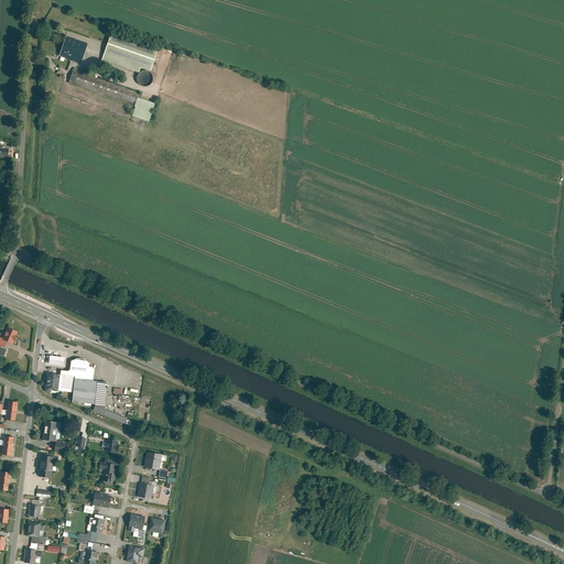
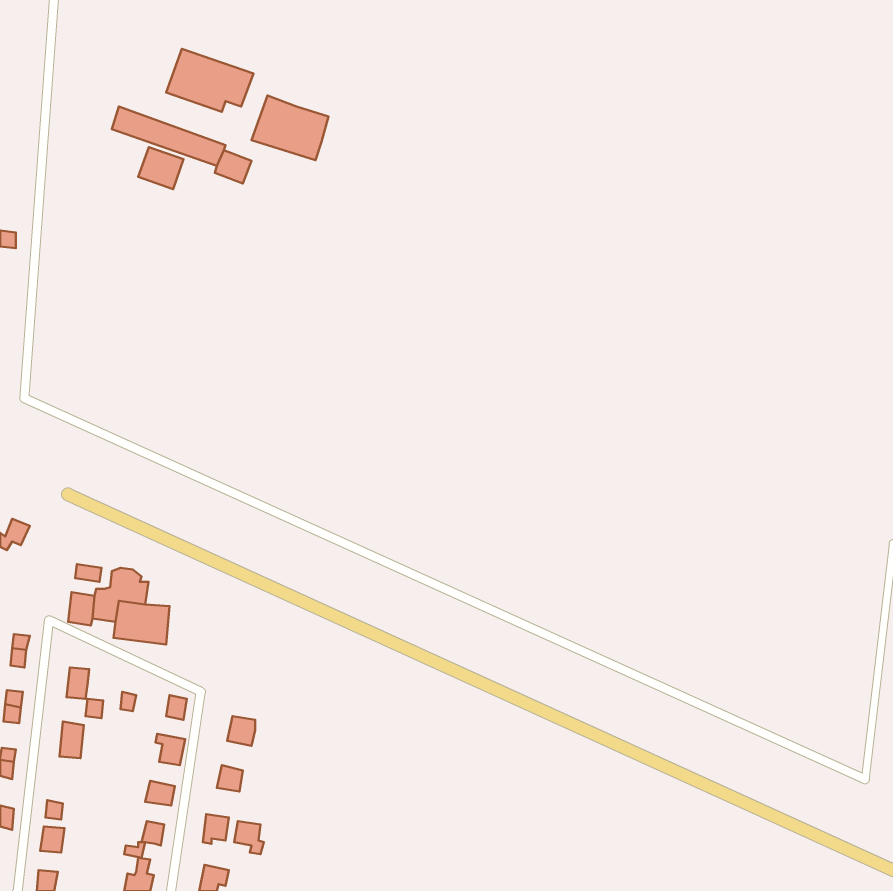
building: [61,35,89,62] -> [138,147,184,189]
building: none -> [252,96,328,160]

